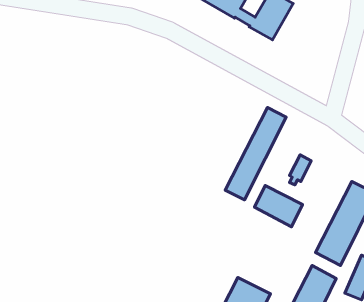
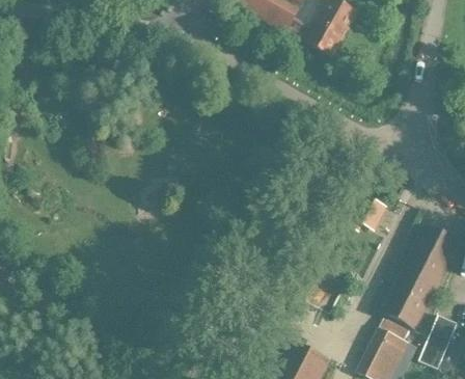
building: [225,107,286,200] -> none
building: [255,185,303,227] -> none

